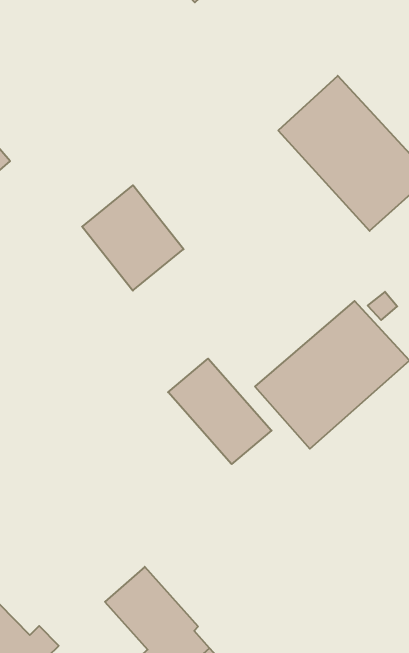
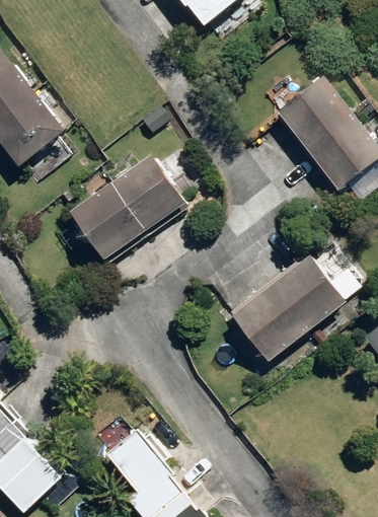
building: none -> [73,183,148,261]
building: [168,359,272,464] -> none

